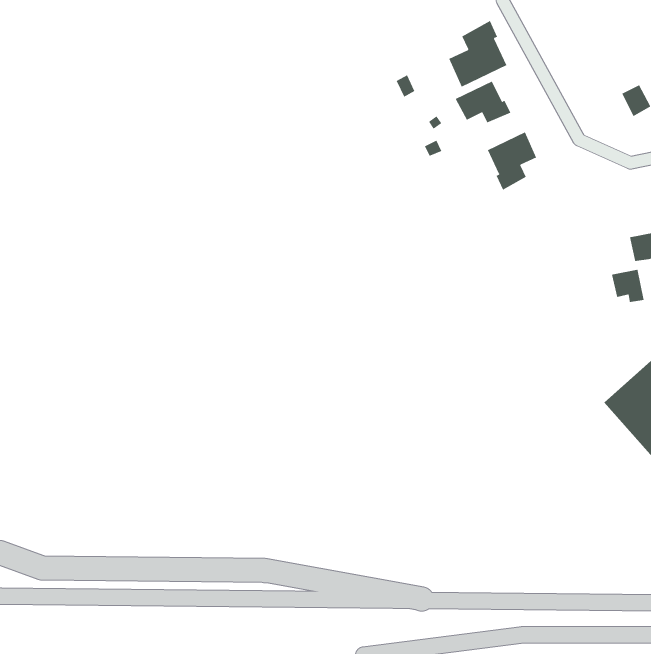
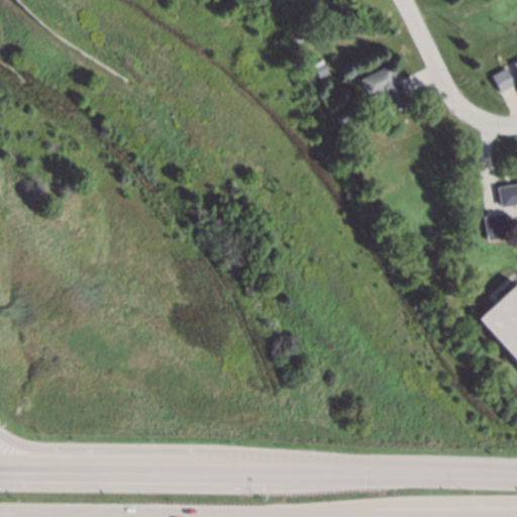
building: [449,20,507,88] -> none
building: [487,132,537,190] -> none

